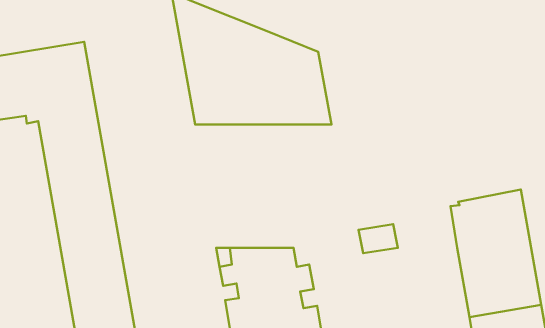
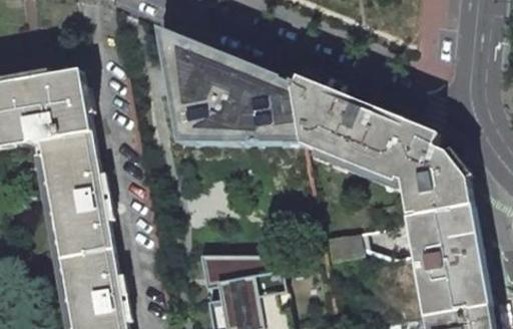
building: none -> [289,79,470,216]

